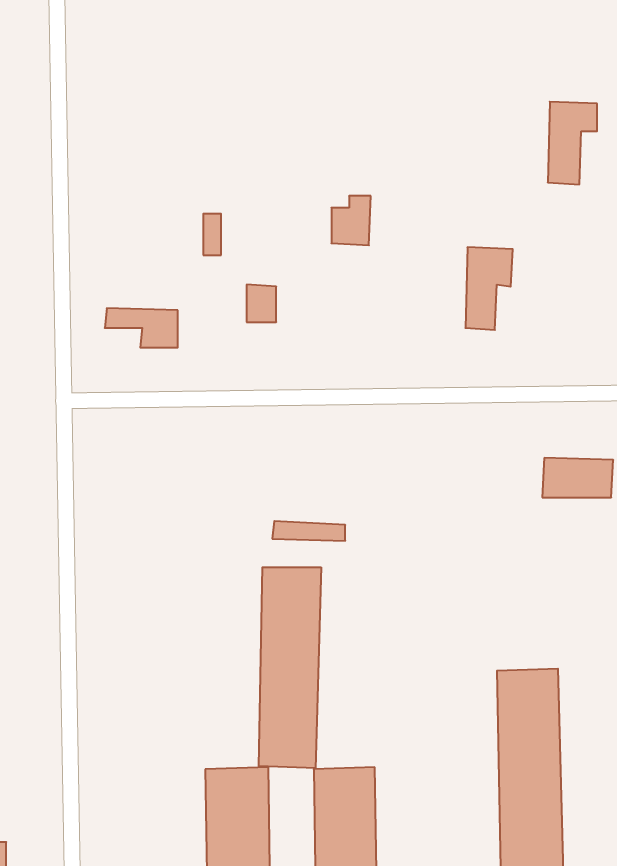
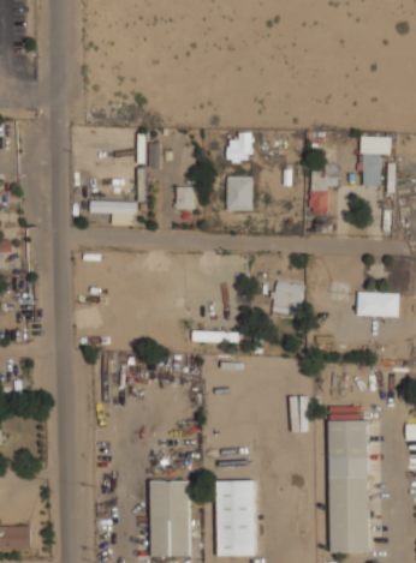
building: [548,102,597,184] -> [361,136,391,186]
building: none -> [226,175,252,210]
building: none -> [269,280,304,319]
building: [259,567,321,768] -> none

